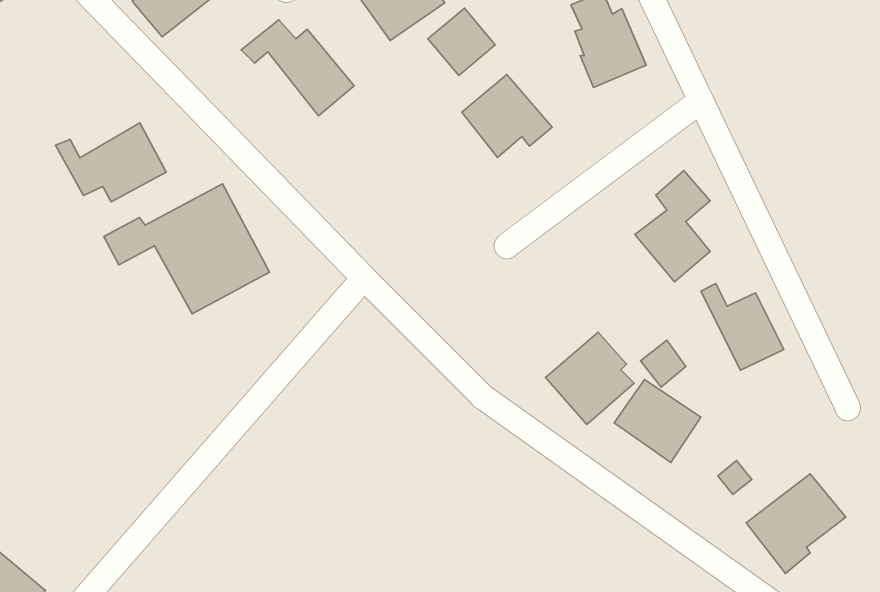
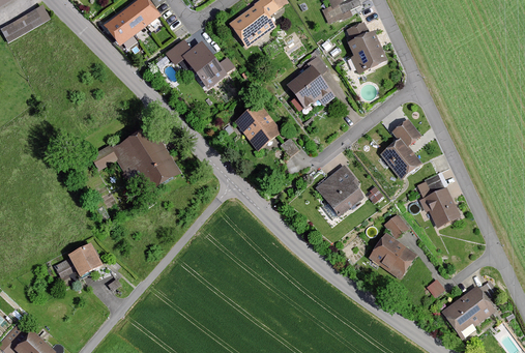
building: [428,8,495,75] -> none
building: [55,123,166,202] -> none
building: none -> [235,104,281,151]
building: [546,332,634,425] -> [314,165,362,215]
building: none -> [54,244,100,277]

